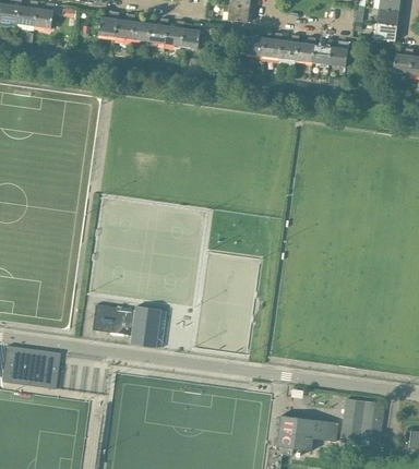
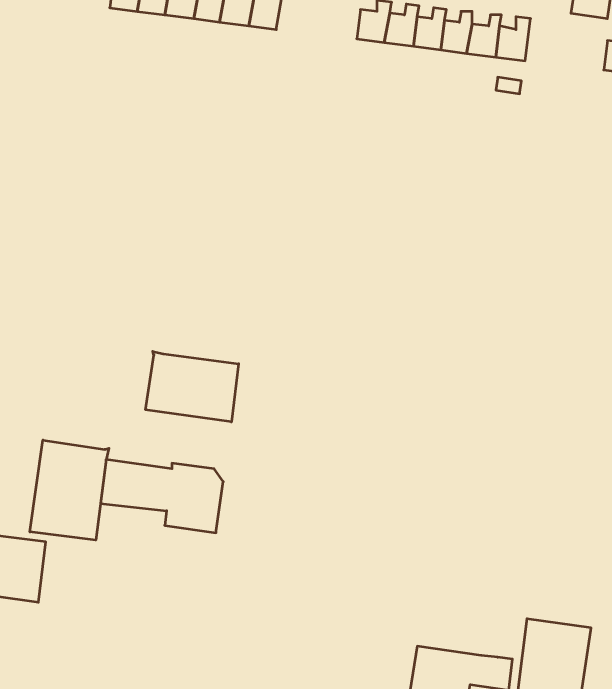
building: none -> [146,351,239,422]
building: none -> [30,440,109,540]

